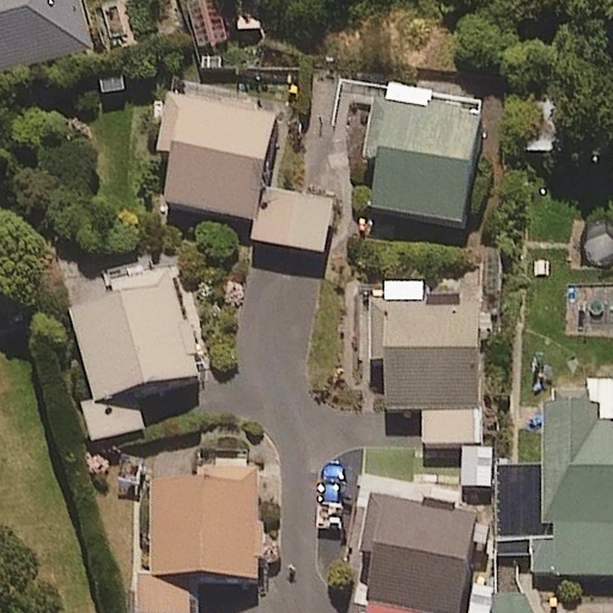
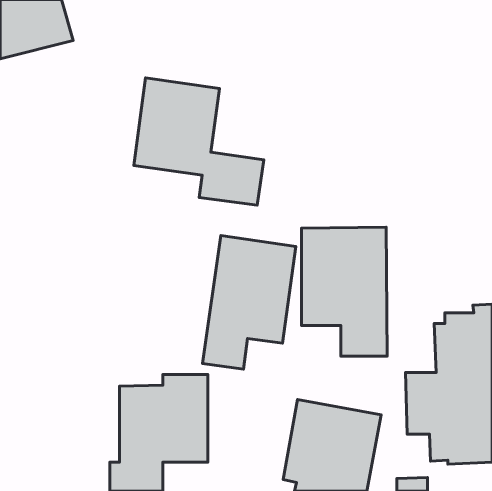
building: [370,84,484,224] -> none
building: [69,261,201,443] -> none
building: none -> [202,235,296,369]

